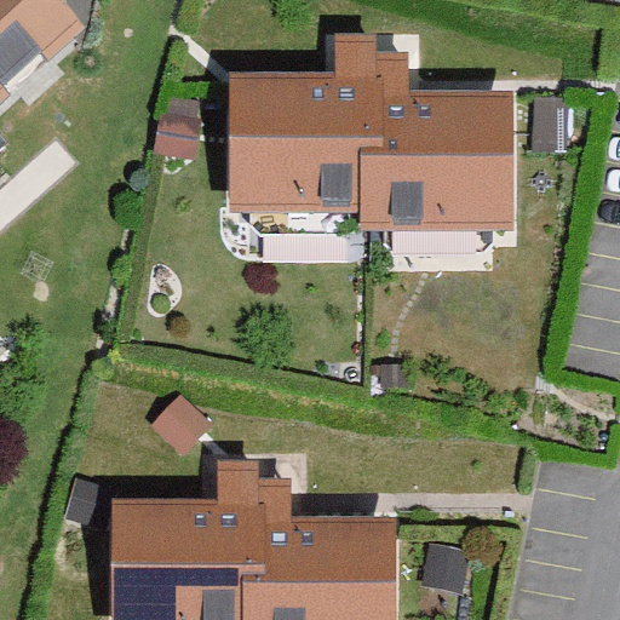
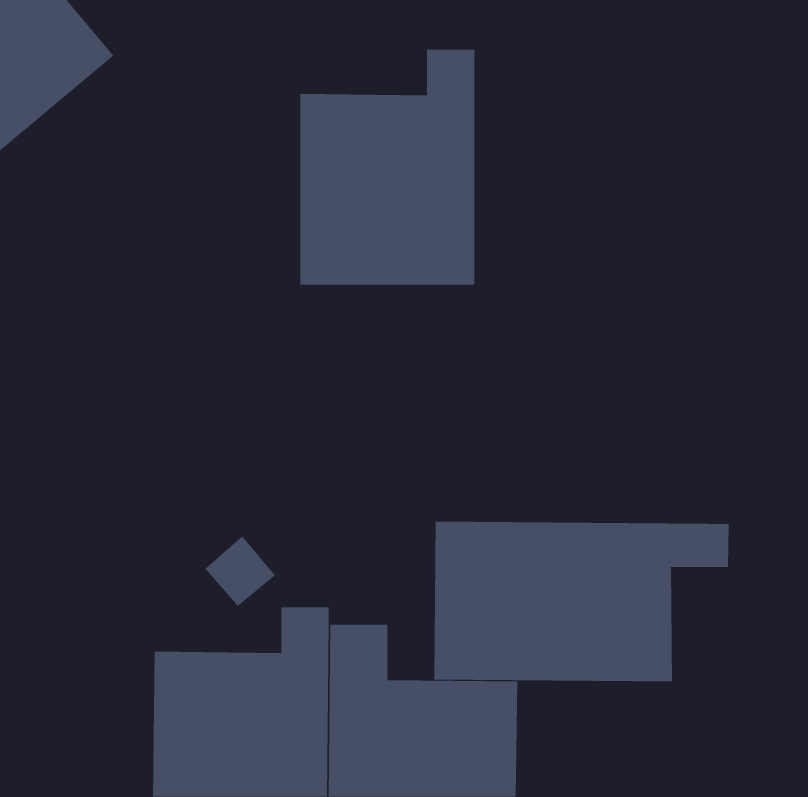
building: [363,51,507,235] -> none
building: none -> [434,521,729,682]

